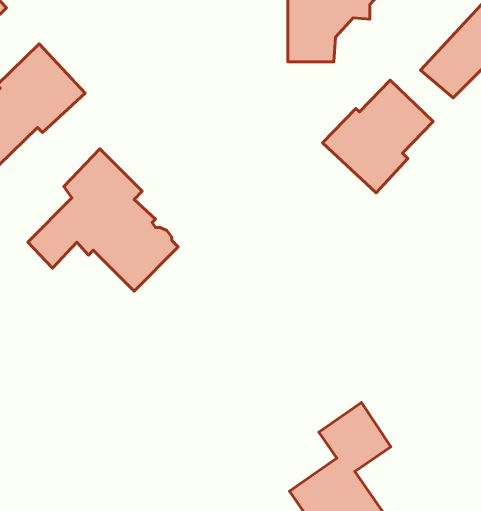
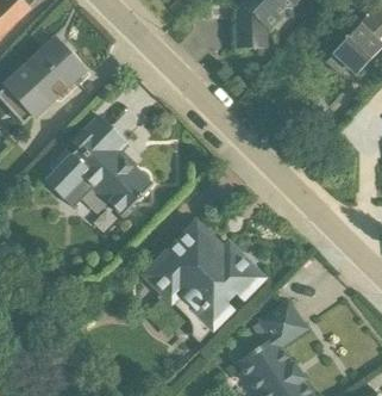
building: [323,80,433,193] -> none
building: none -> [139,217,268,342]

